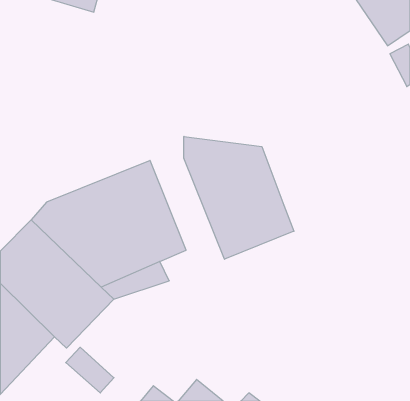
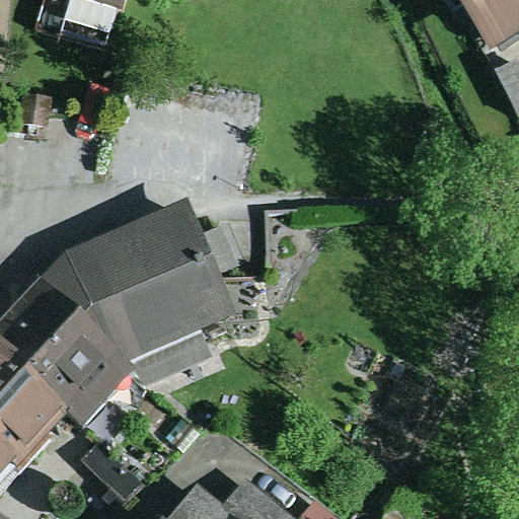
building: [184,136,294,259] -> none

